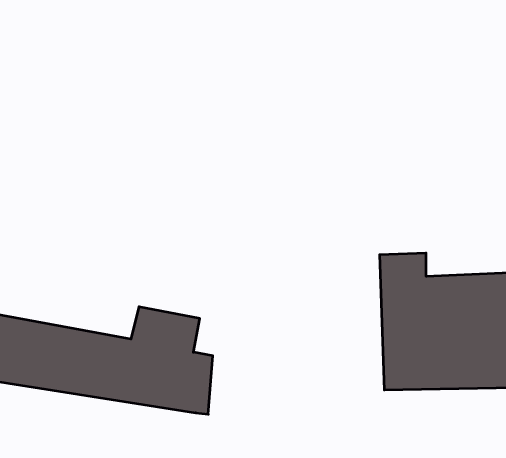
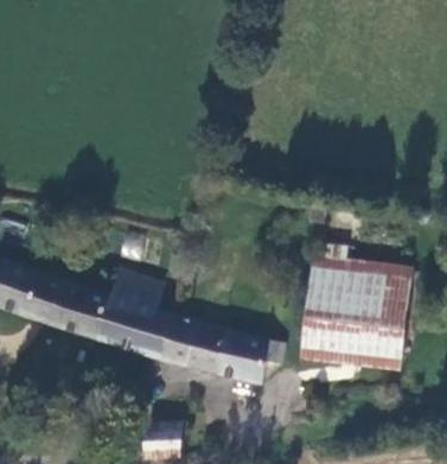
building: none -> [165,313,287,386]

